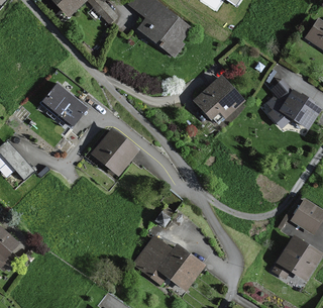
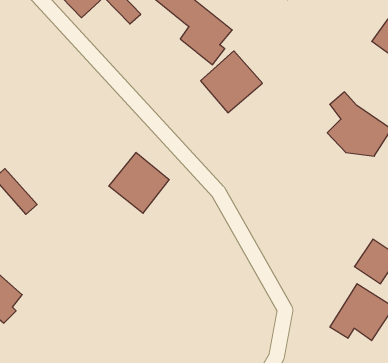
building: [194,74,244,124] -> [201,51,262,113]
building: [40,83,84,125] -> none
building: [132,235,206,293] -> none

